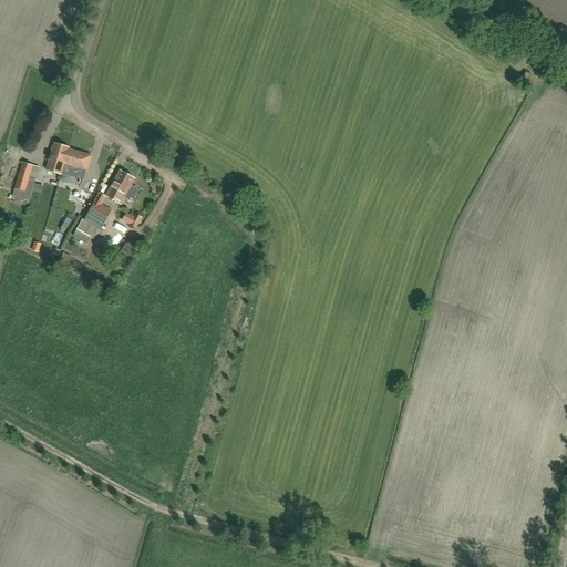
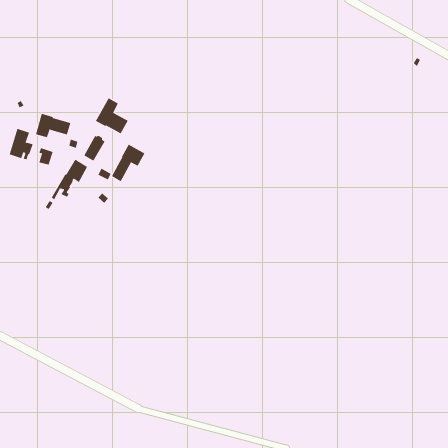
building: none -> [95,98,129,134]
building: none -> [111,144,145,182]

